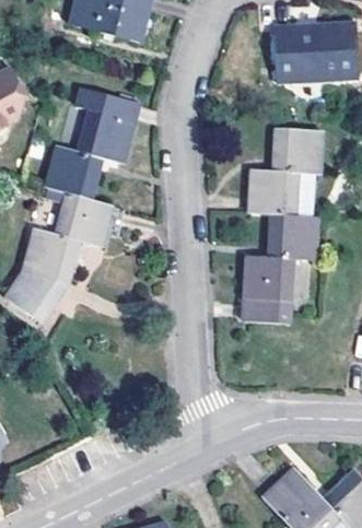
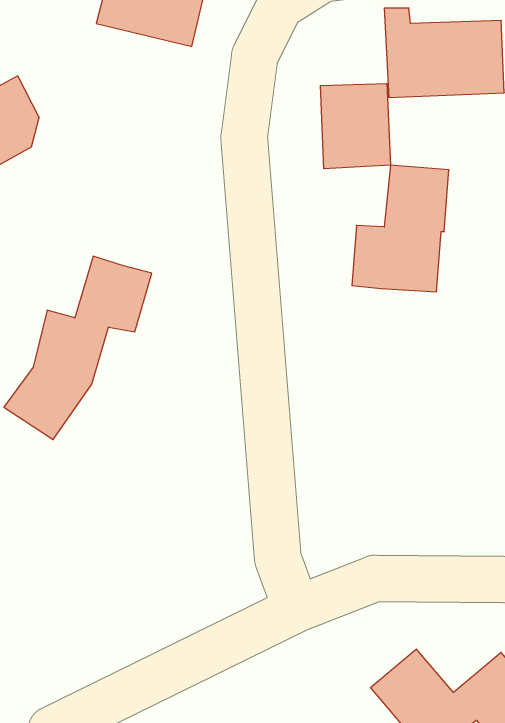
building: none -> [320,83,390,169]
building: [45,89,135,198] -> none
building: [242,214,314,324] -> none

